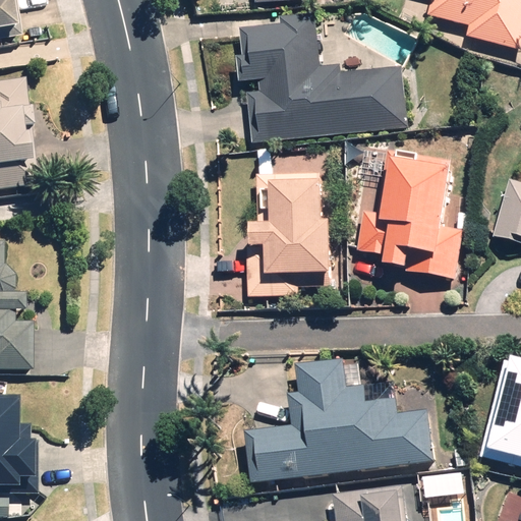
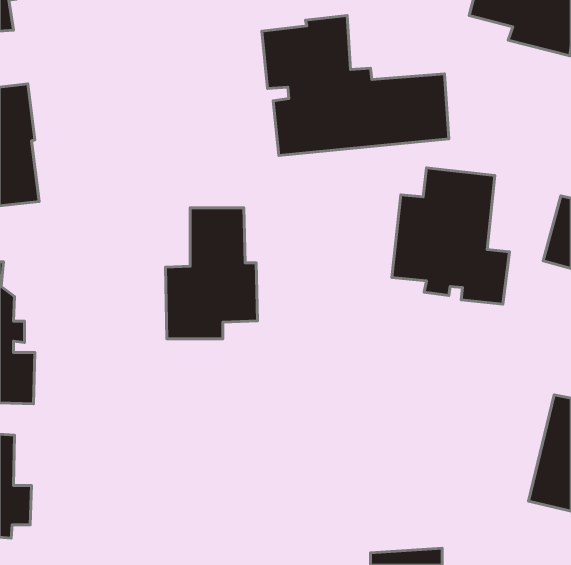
building: [248,173,332,292] -> [166,208,257,339]
building: [244,360,435,482] -> none

